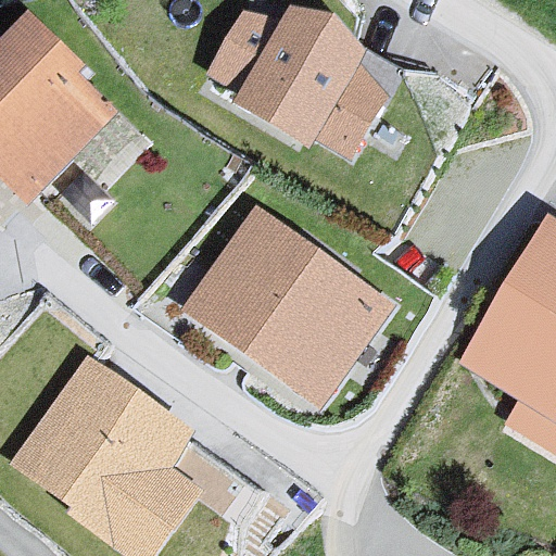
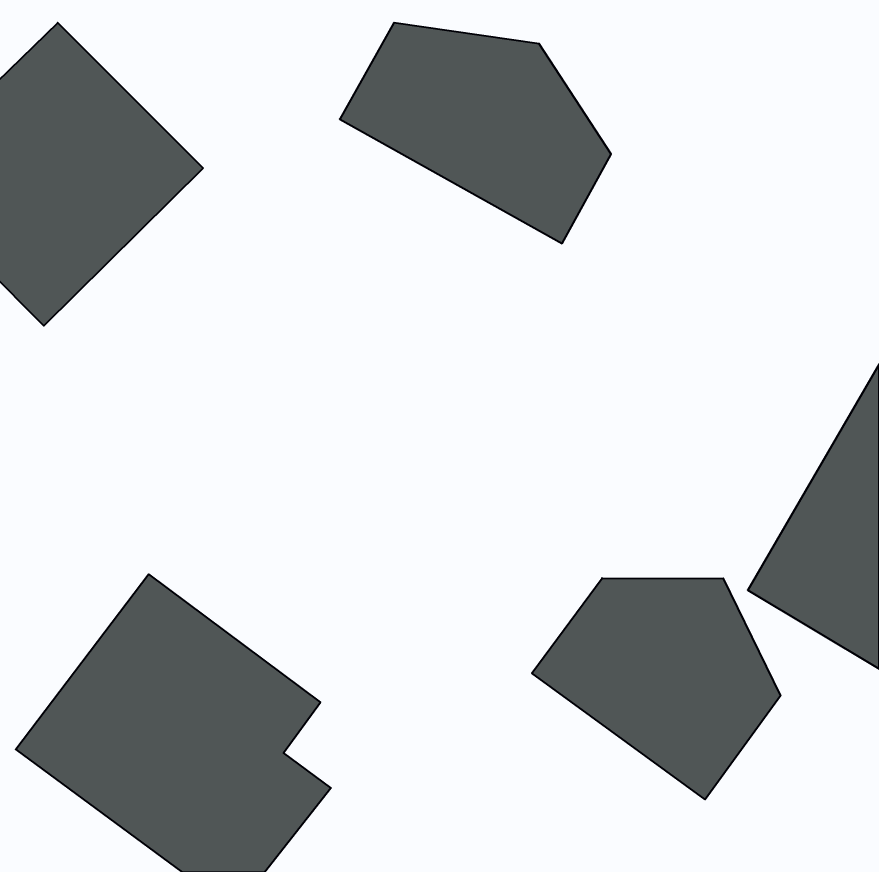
building: [181,208,391,406] -> none
building: none -> [532,578,780,799]

